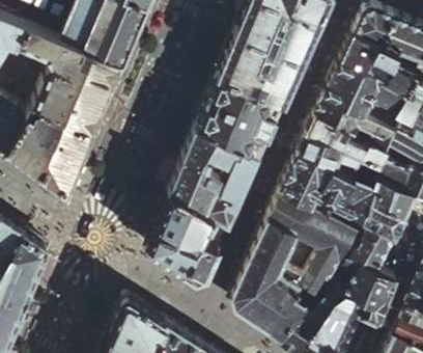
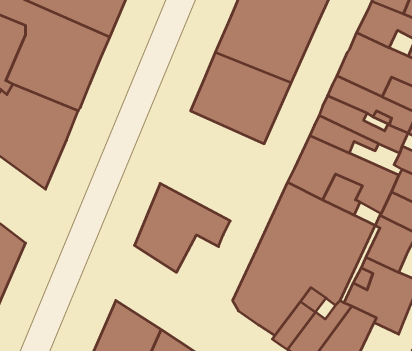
building: [168,132,260,229] -> none
building: [182,242,220,284] -> none

